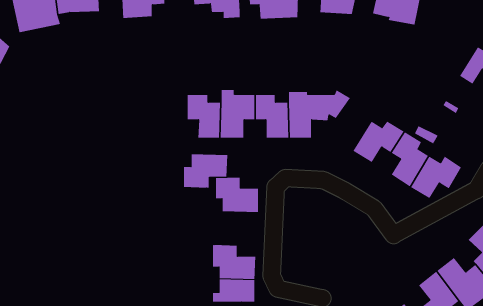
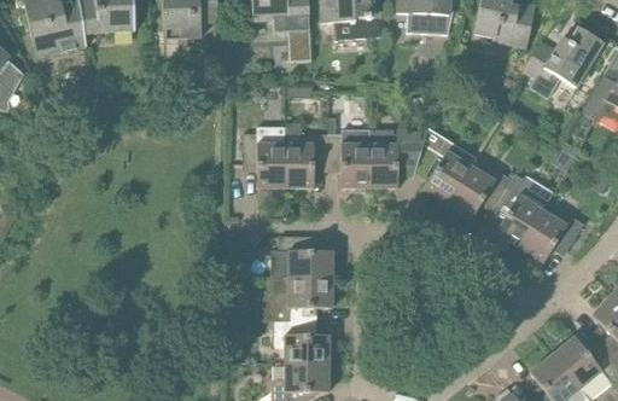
building: none -> [523,25,605,87]
building: none -> [425,138,477,203]
building: [183,154,228,188] -> [278,278,333,320]

